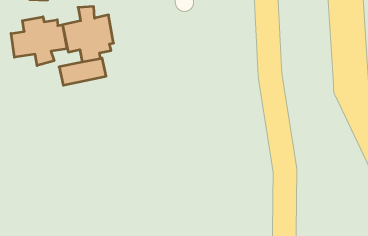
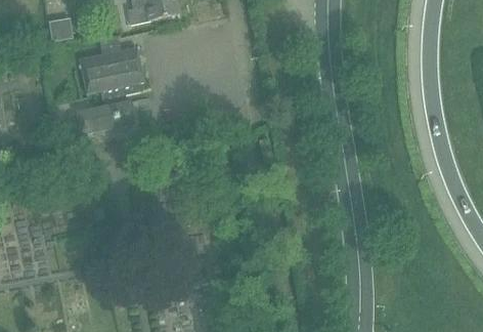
building: [11,17,67,66] -> none

